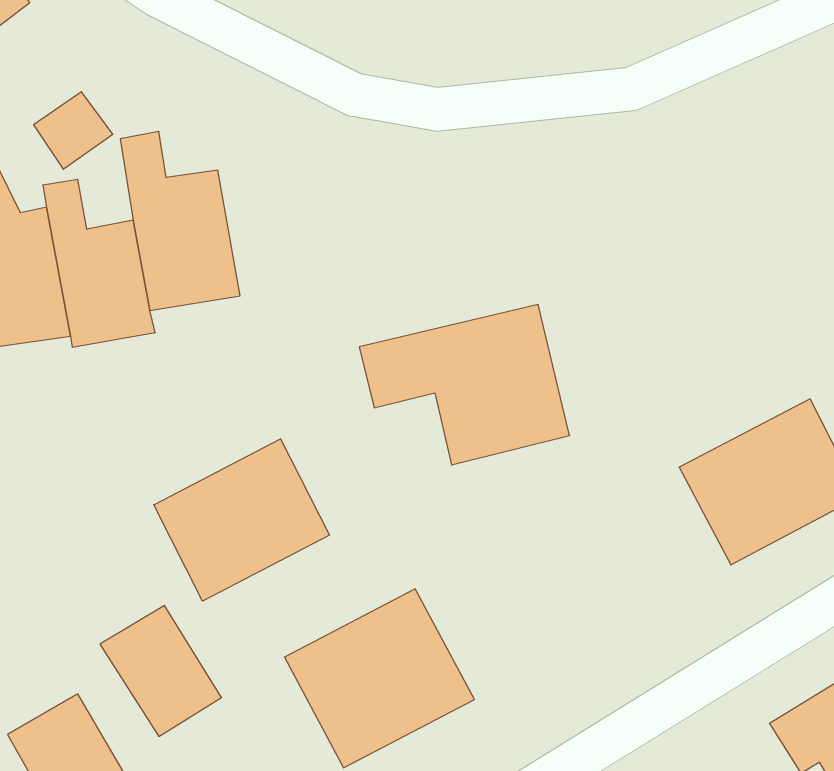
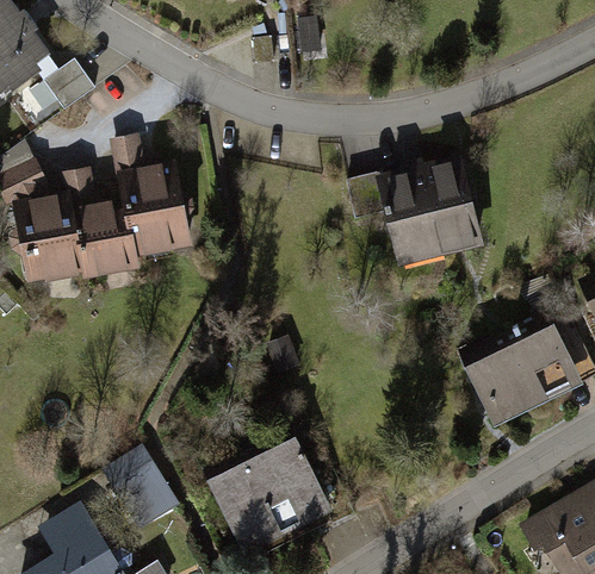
building: [34,92,113,169] -> [41,62,92,112]
building: [359,304,570,465] -> [345,156,481,260]
building: [154,439,329,601] -> none

